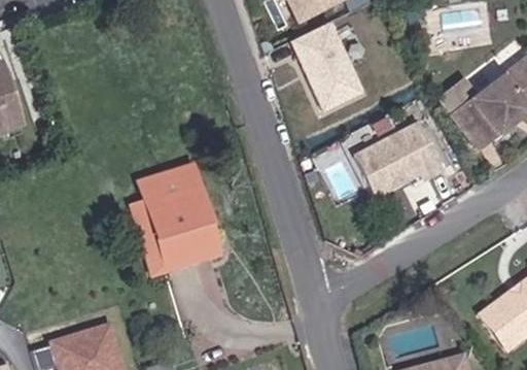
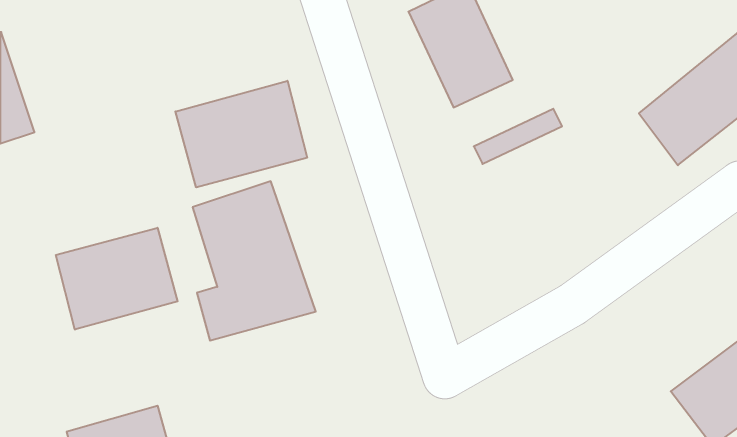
building: none -> [175,81,307,187]
building: [353,120,447,200] -> none
building: none -> [56,228,178,330]

